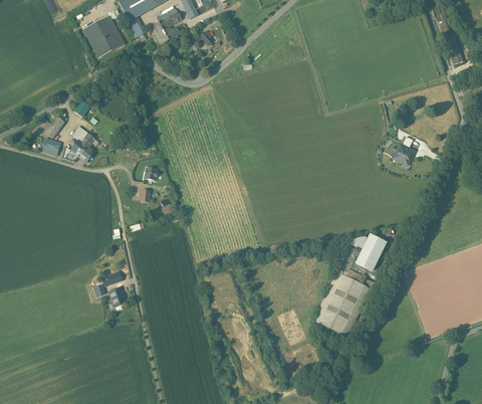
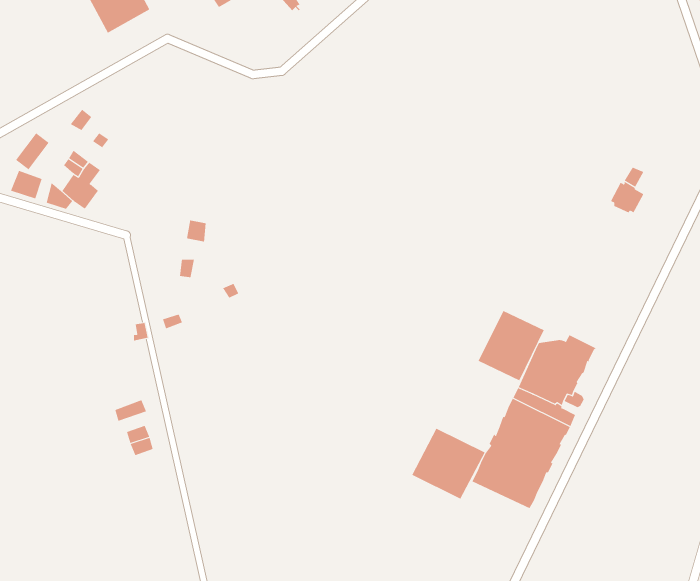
building: none -> [478,310,545,381]
building: none -> [412,428,485,500]

